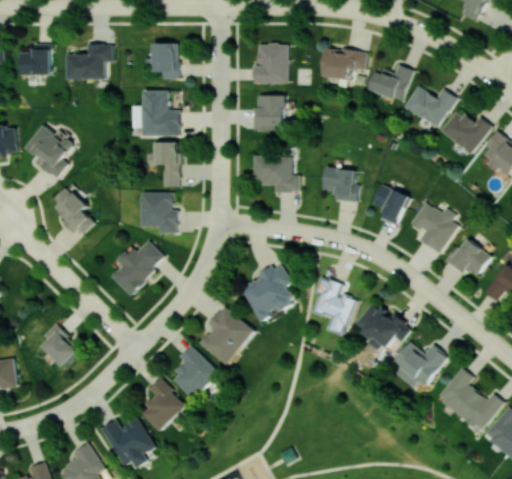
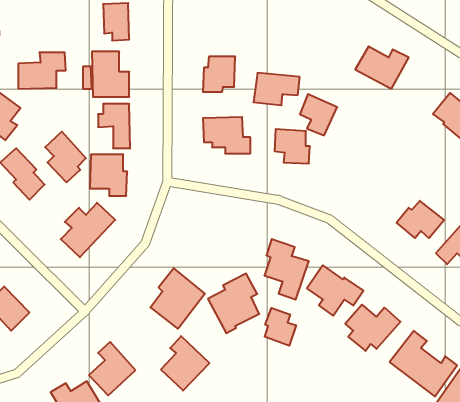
building: [65,43,112,79] -> [18,52,66,89]
building: [253,43,288,83] -> none
building: [320,47,366,79] -> [253,73,300,105]
building: [367,64,412,101] -> none
building: [440,109,492,154] -> none
building: none -> [45,132,86,182]
building: [372,183,409,224] -> [300,94,337,135]
building: [410,201,457,253] -> none
building: [242,262,293,321] -> [208,274,259,333]
building: none -> [265,308,296,346]
building: [170,345,218,399] -> [161,336,209,391]

